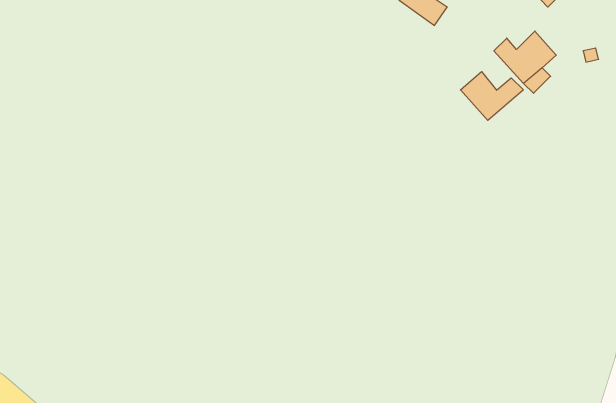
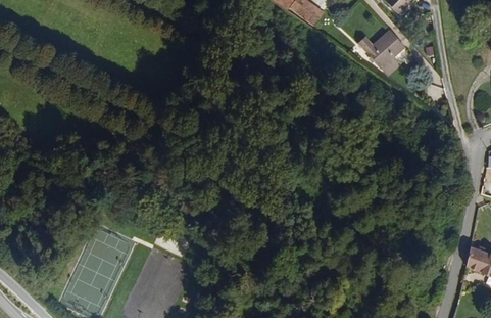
building: [460,72,523,120] -> none

